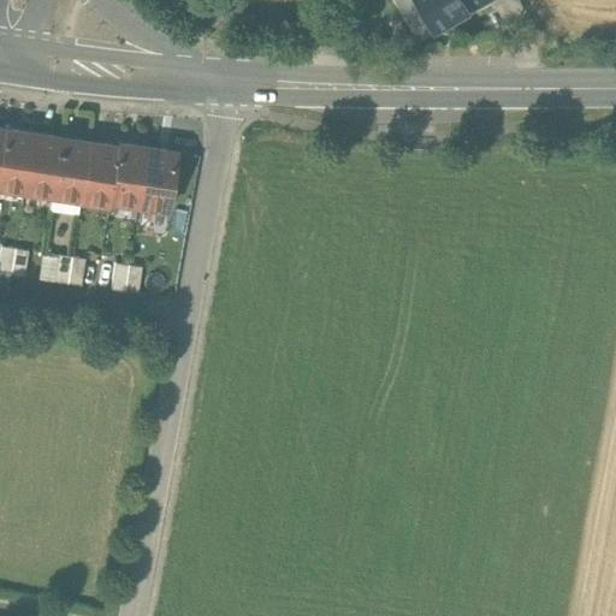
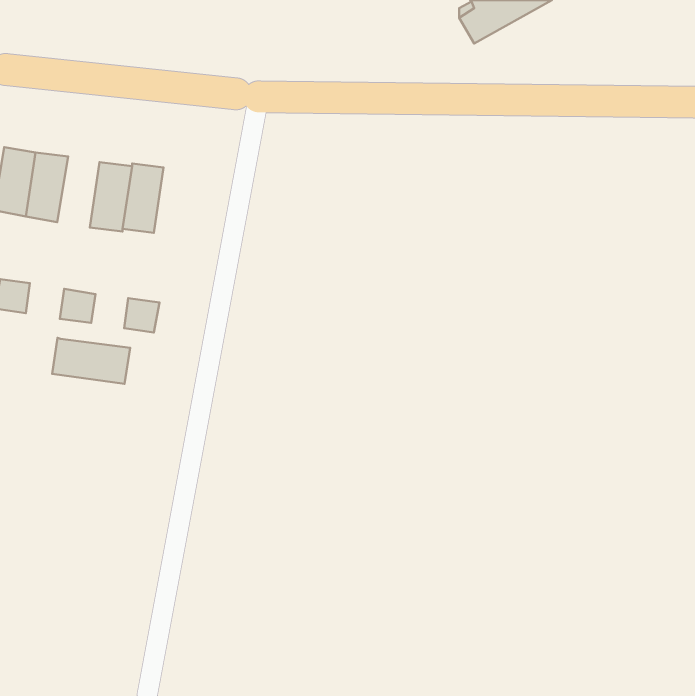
building: [51,138,88,201] -> none
building: [136,148,173,209] -> none
building: none -> [52,338,130,384]

